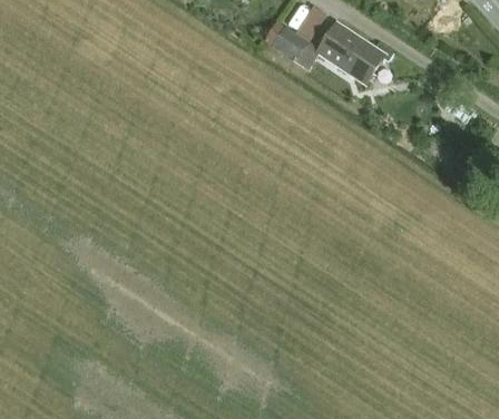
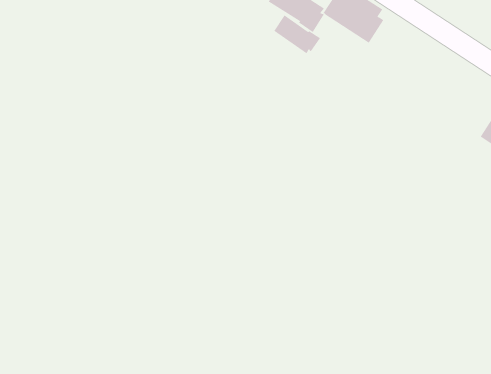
building: none -> [273,15,321,54]

